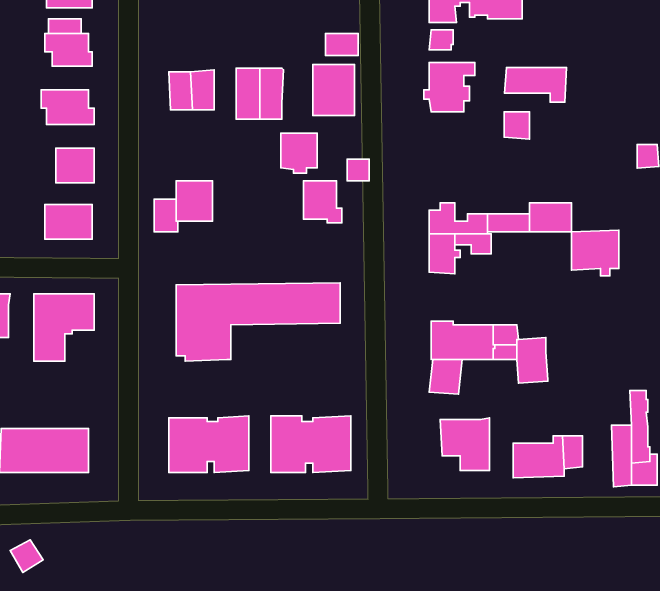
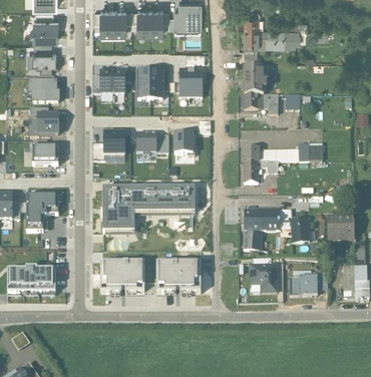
building: [505,68,567,102] -> [244,94,278,113]
building: [281,133,317,173] -> [136,132,156,154]
building: [571,230,619,276] -> [328,218,354,243]

